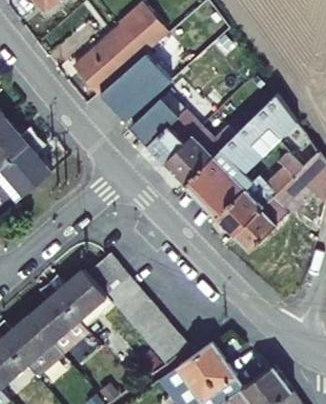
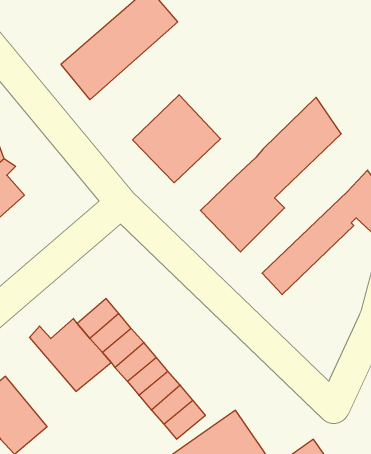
building: [99,60,165,118] -> none
building: [163,124,234,181] -> none
building: [216,149,301,231] -> none
building: [29,282,89,353] -> none

